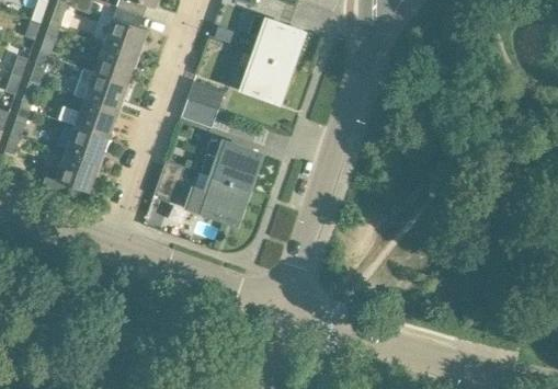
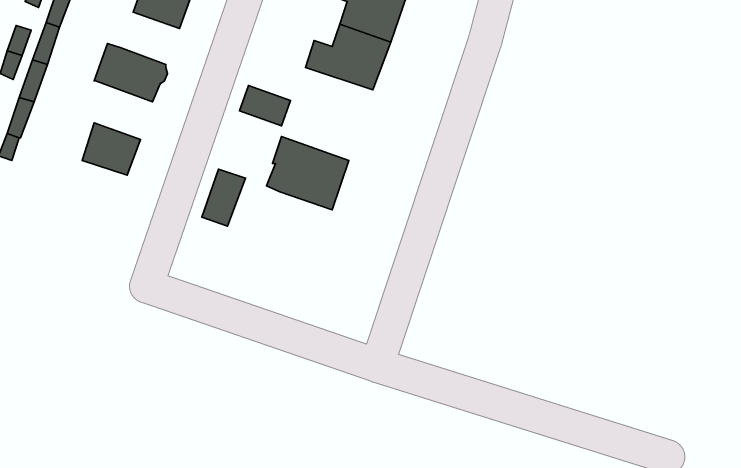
building: [93,46,136,84] -> none
building: [186,82,224,111] -> none
building: [69,96,116,139] -> none
building: [39,155,98,198] -> none
building: [185,178,247,226] -> none

